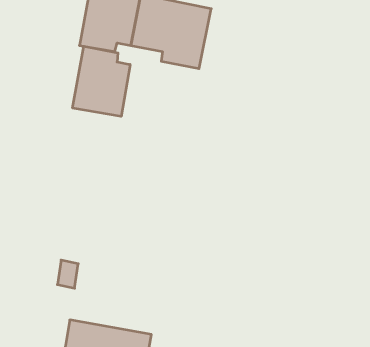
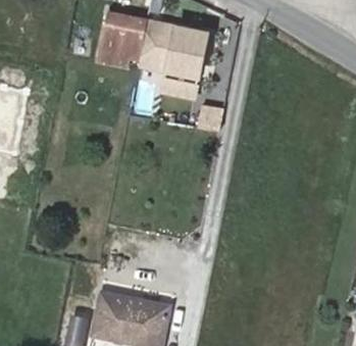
building: [73,46,130,116] -> none

